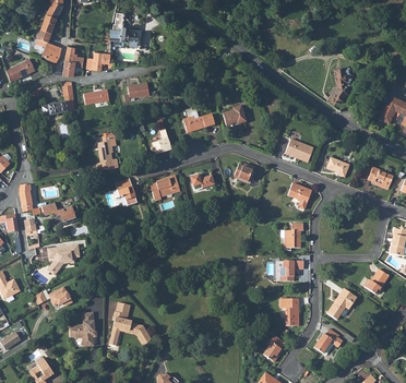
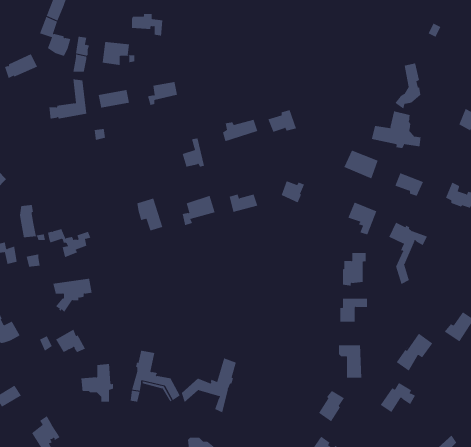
building: none -> [371,110,421,149]
building: [97,134,117,168] -> none
building: none -> [388,222,428,285]
building: none -> [181,357,237,413]

